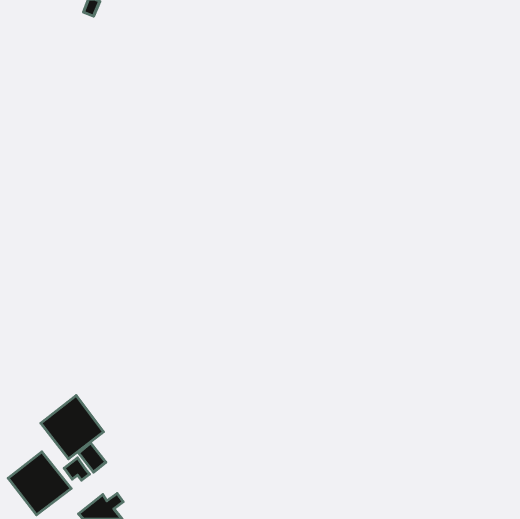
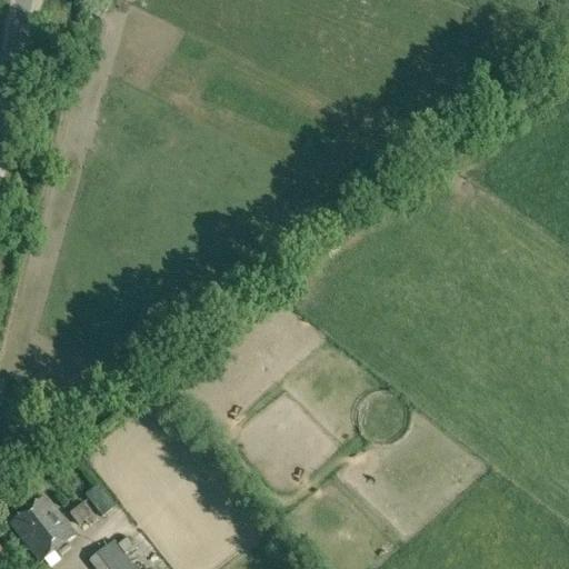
building: [41,395,103,459] -> none

